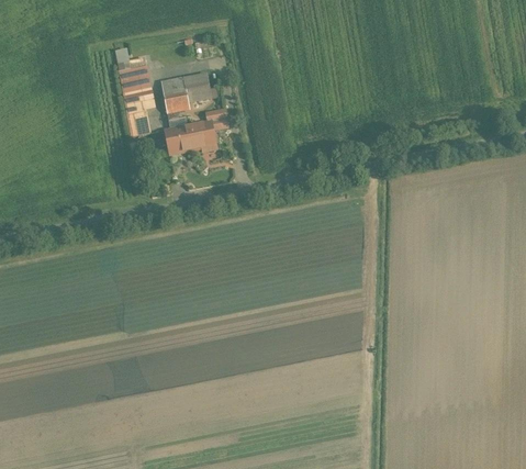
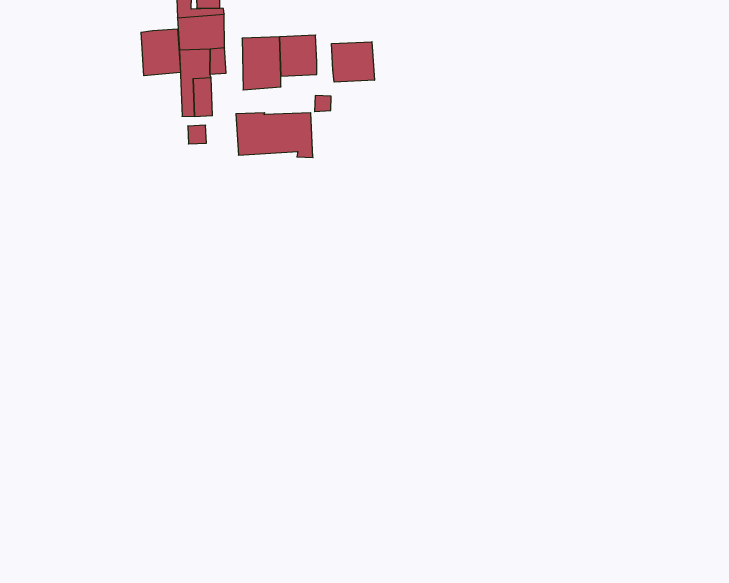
building: none -> [332,42,374,82]
building: none -> [141,29,180,76]

